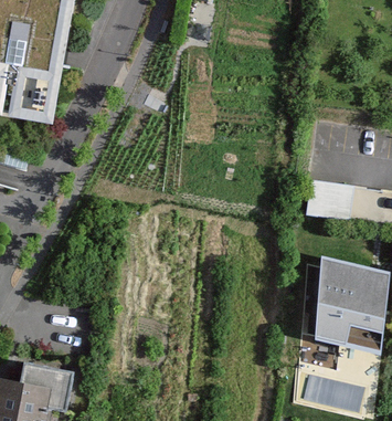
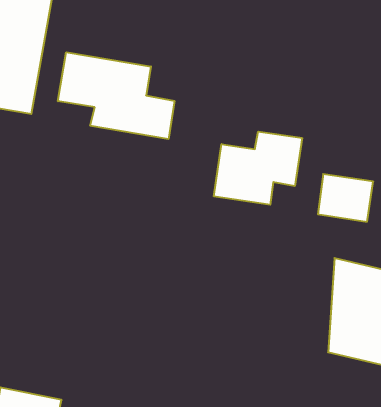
building: none -> [58,52,174,139]
building: none -> [214,132,302,205]

